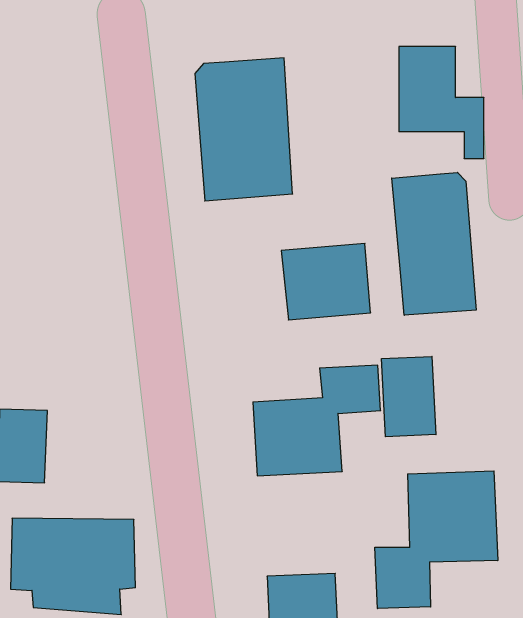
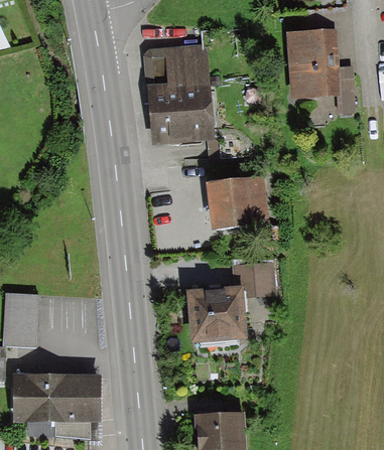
building: [392,172,476,315] -> none
building: [382,356,436,437] -> none
building: [375,471,498,609] -> none

